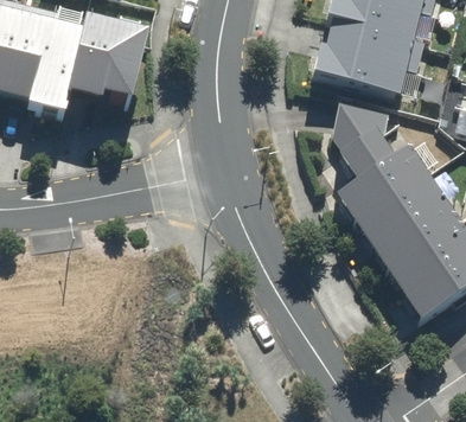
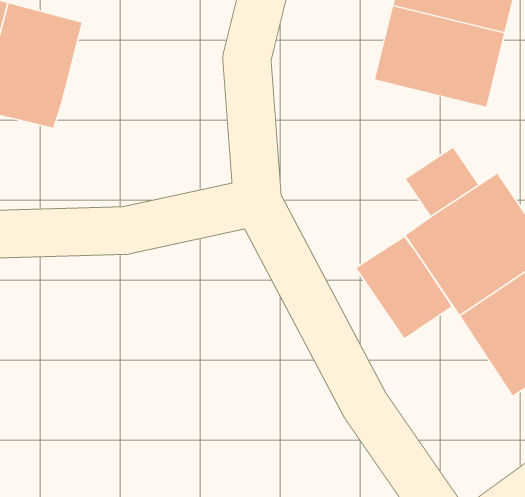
building: [70,17,148,107] -> none
building: none -> [356,236,453,339]

